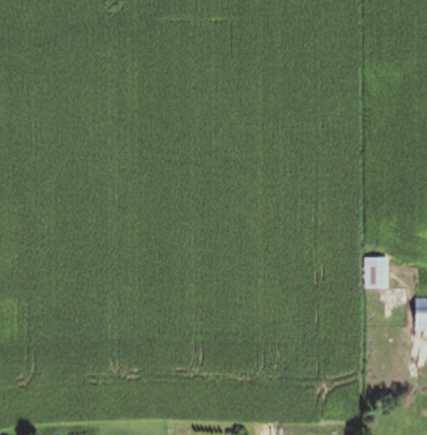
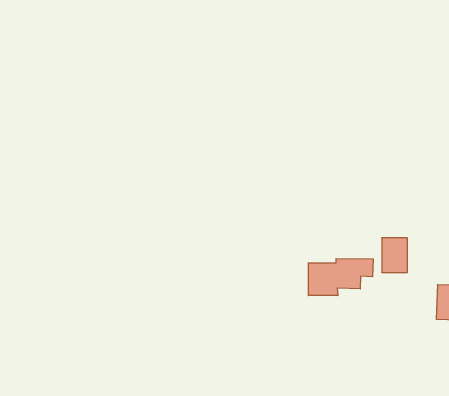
building: none -> [308,259,373,296]

